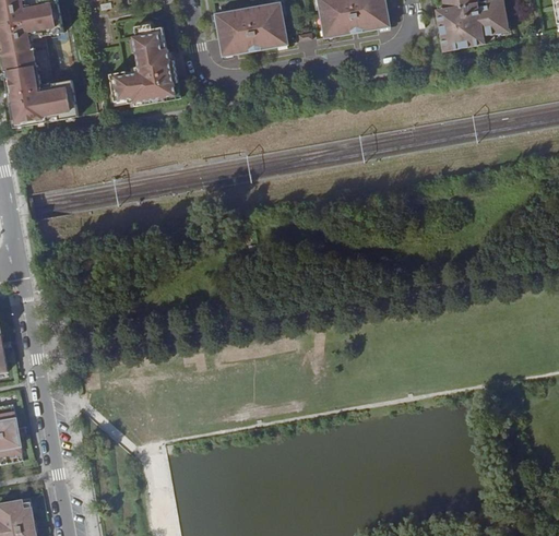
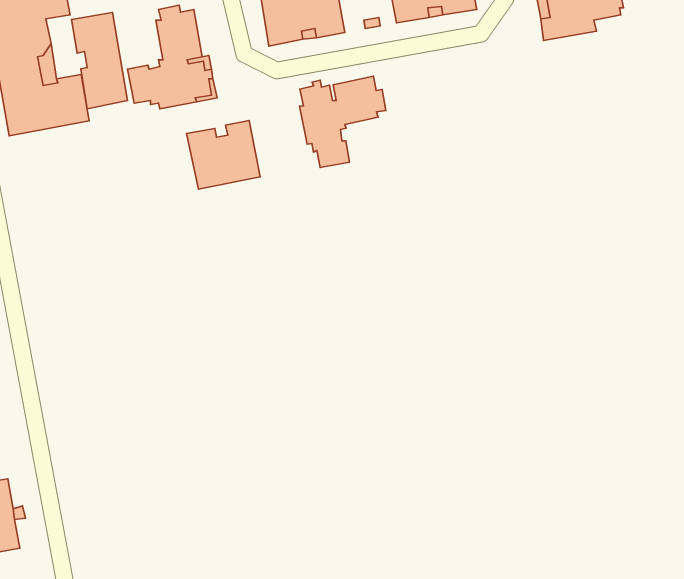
building: none -> [72,13,128,109]
building: none -> [300,76,386,167]
building: none -> [186,121,260,189]

